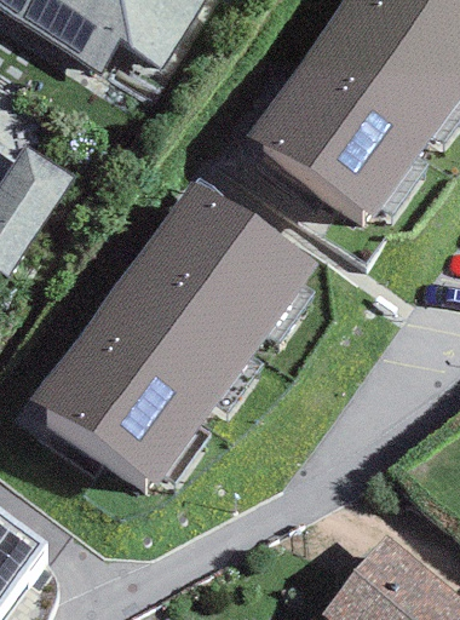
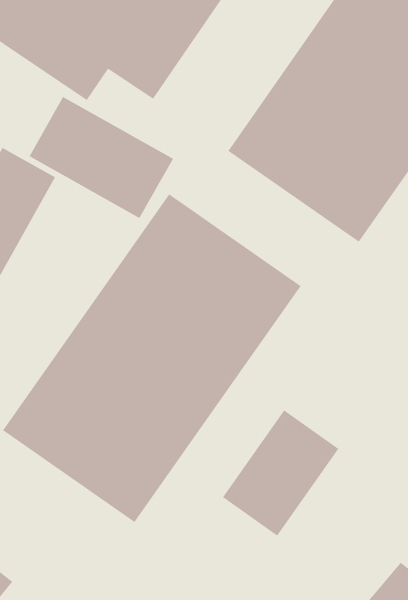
building: none -> [29,96,174,219]
building: none -> [222,409,339,537]

